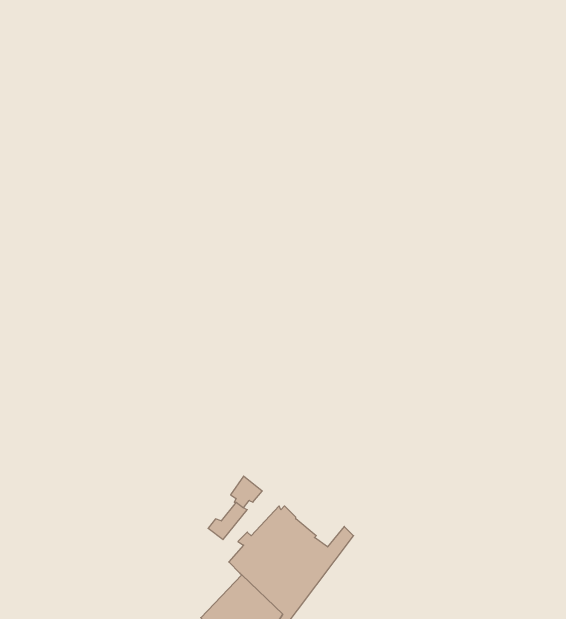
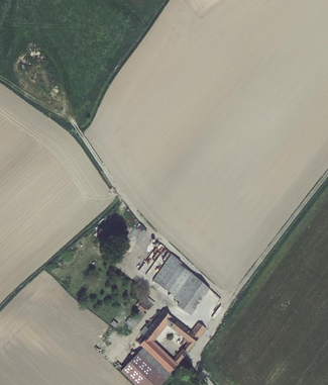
building: none -> [154,255,210,316]

